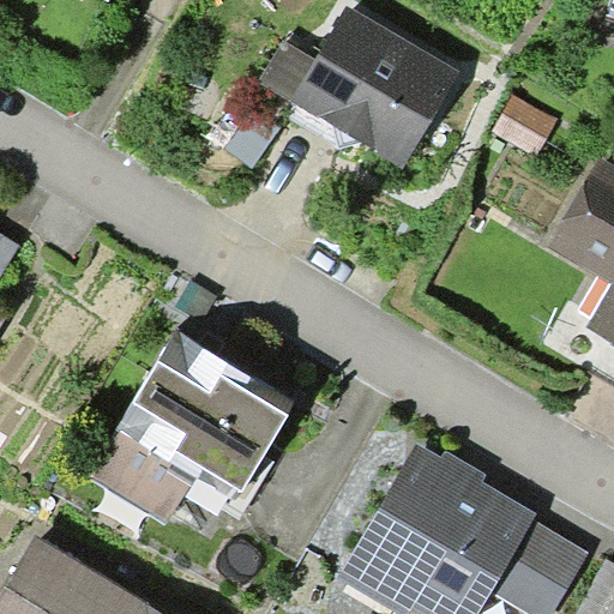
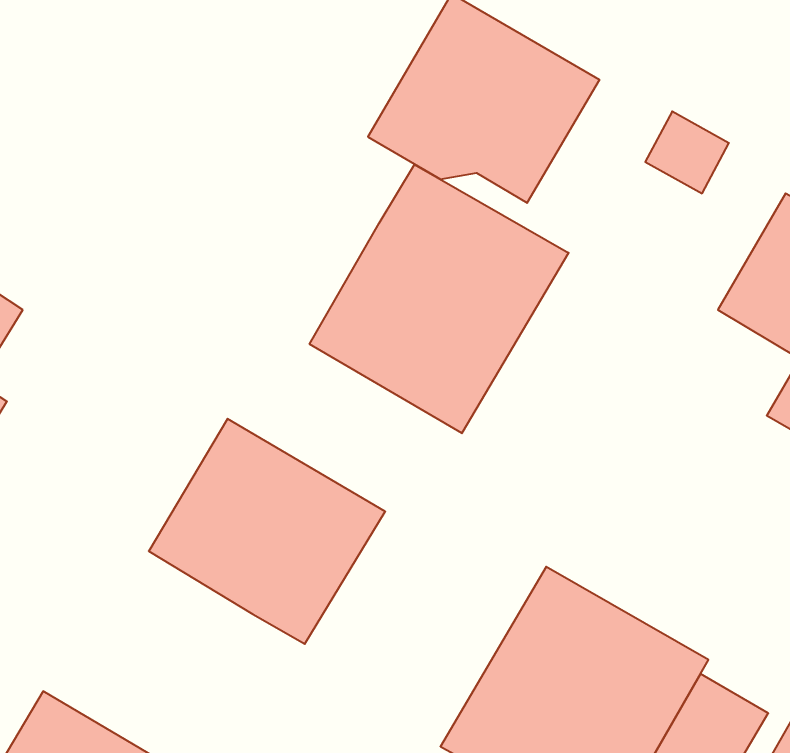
building: none -> [310,164,569,433]
building: [88,431,194,524] -> none

